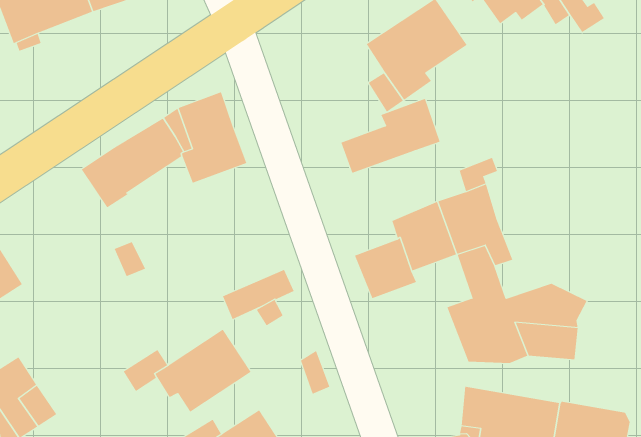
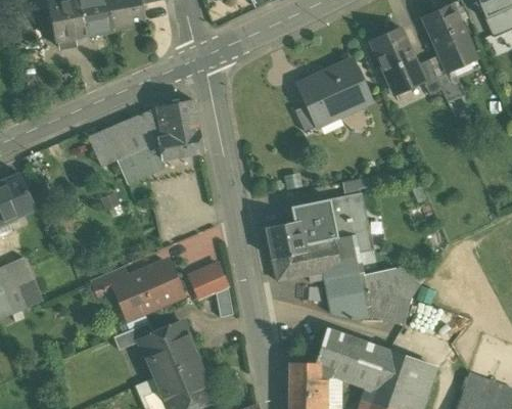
building: [340,98,440,173] -> [272,238,340,281]
building: none -> [117,139,165,182]
building: none -> [191,264,229,300]

